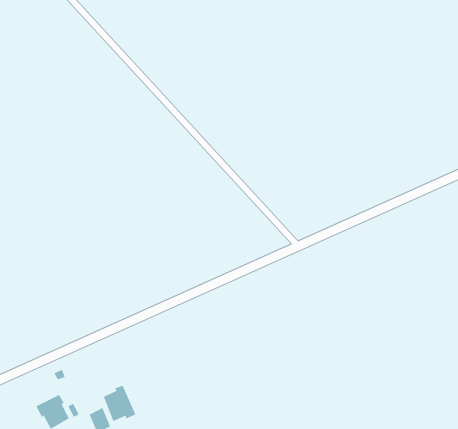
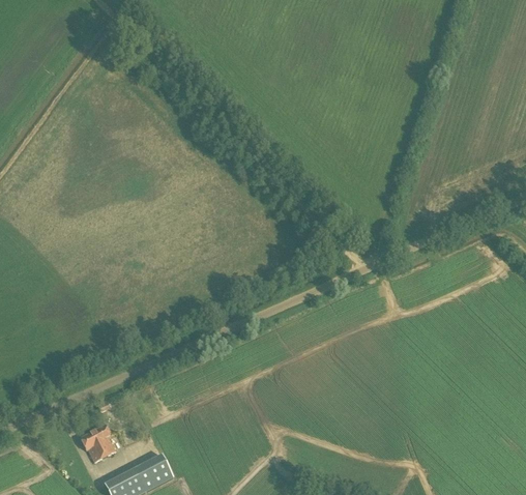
building: [103,385,136,422] -> none

